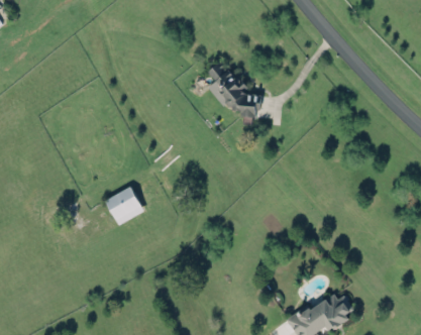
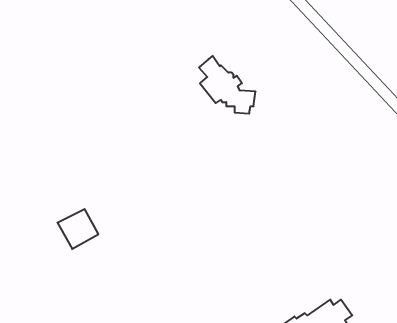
building: [104,188,143,226] -> [57,209,98,249]

